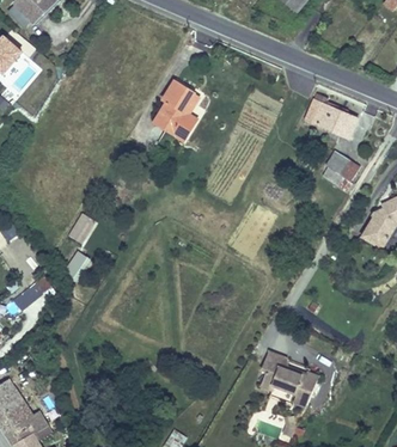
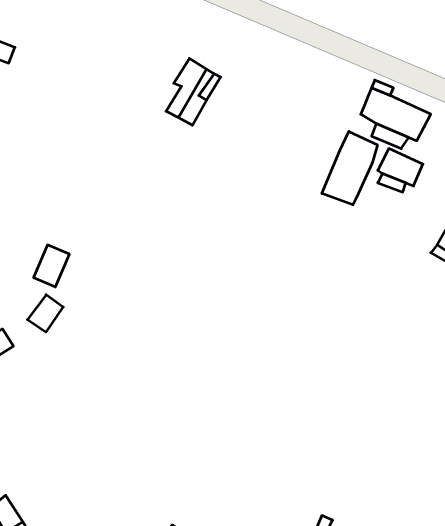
building: none -> [322,131,377,205]
building: [261,349,316,406] -> none

